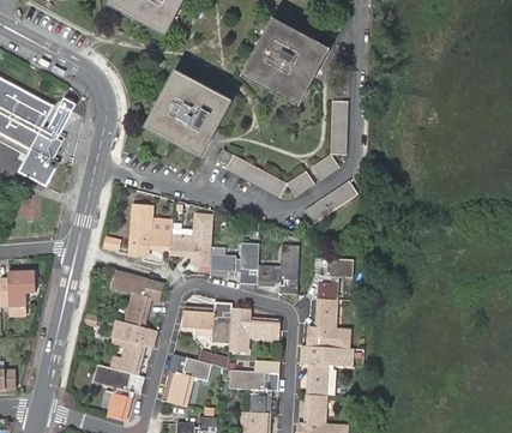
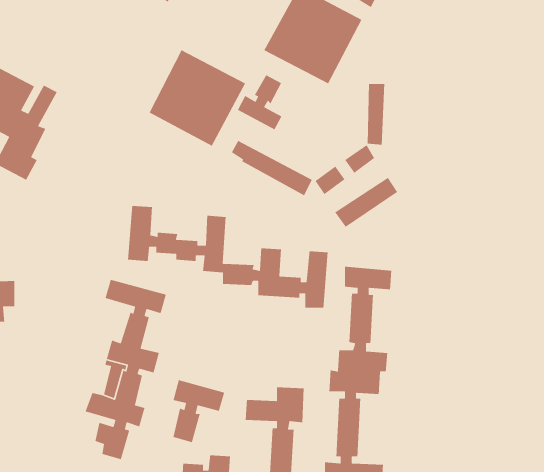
building: none -> [237,74,282,131]
building: [182,300,278,350] -> none

